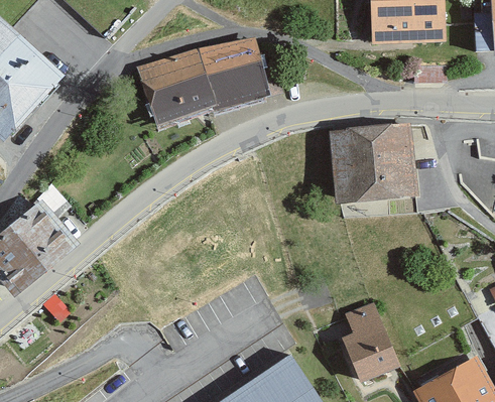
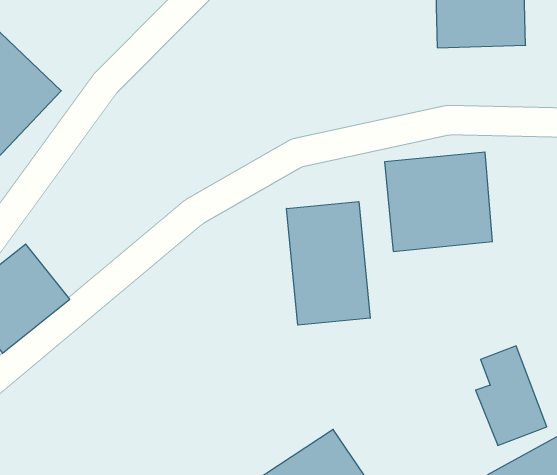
building: [138,43,267,126] -> none
building: none -> [287,202,370,325]
building: [342,302,400,384] -> [476,346,547,445]

